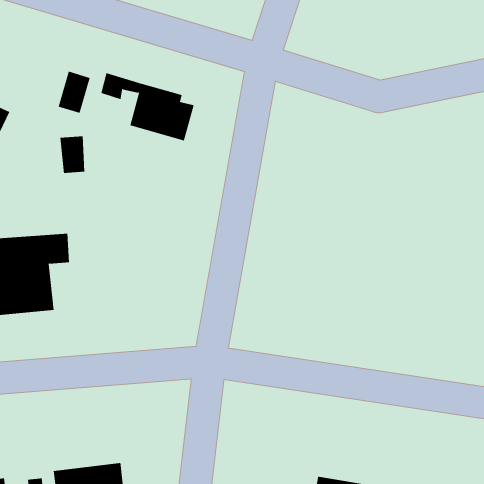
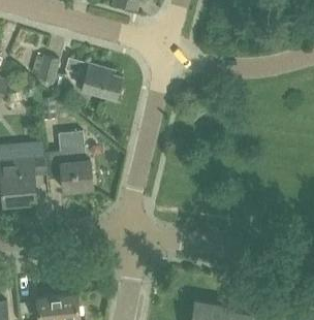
building: none -> [58,131,92,191]

